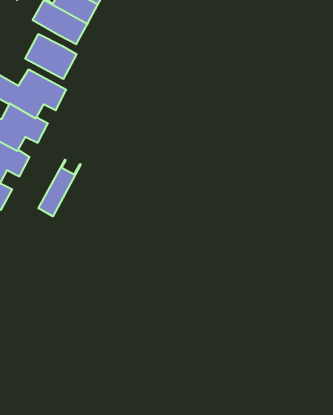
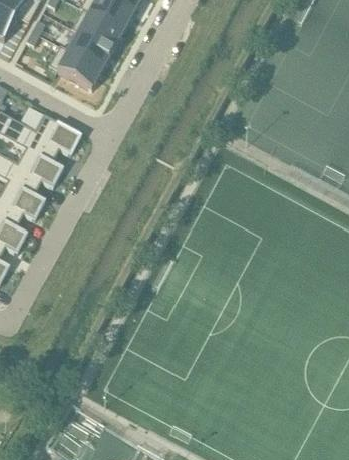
building: [25,34,77,79] -> none
building: [38,160,81,216] -> none

